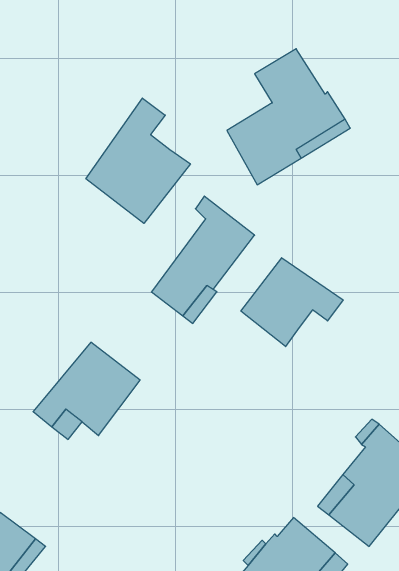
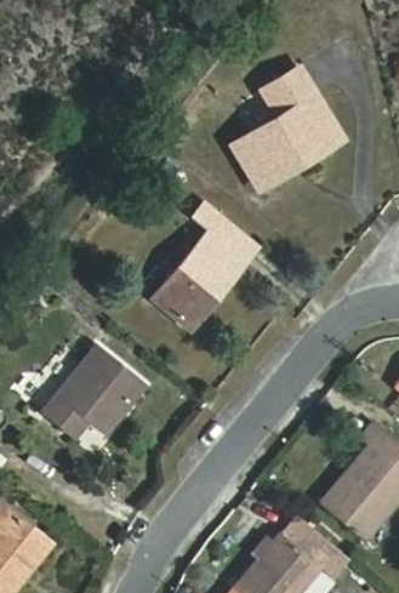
building: [86,98,190,223] -> none
building: [241,258,343,347] -> none

